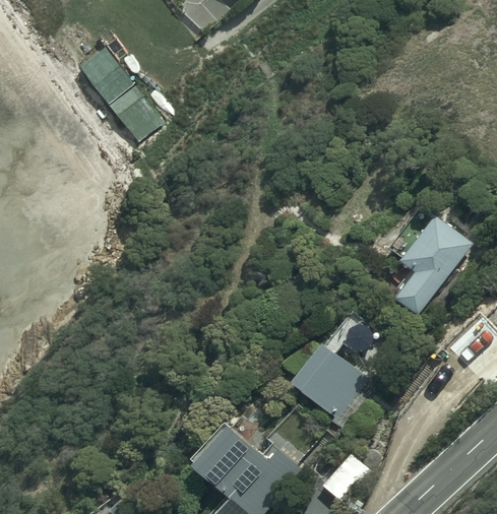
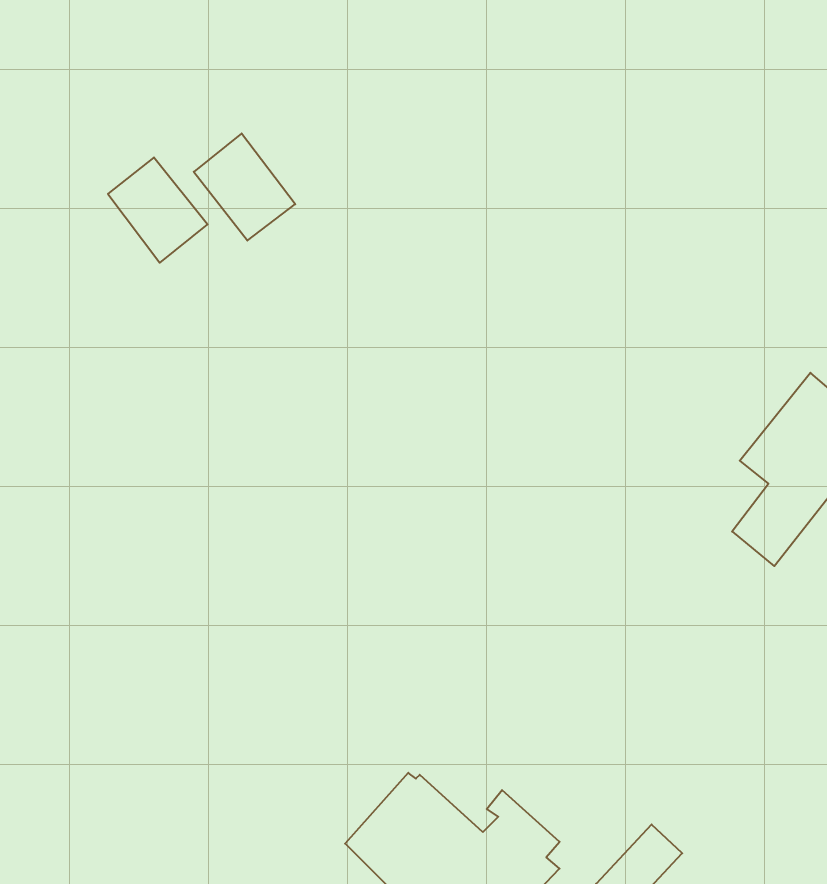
building: [79,48,132,104] -> [108,157,208,263]
building: [289,340,370,429] -> none

